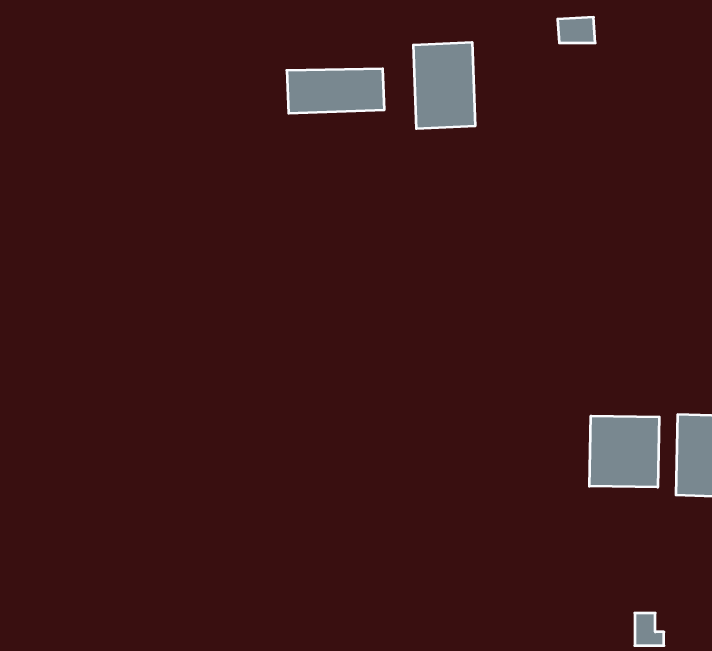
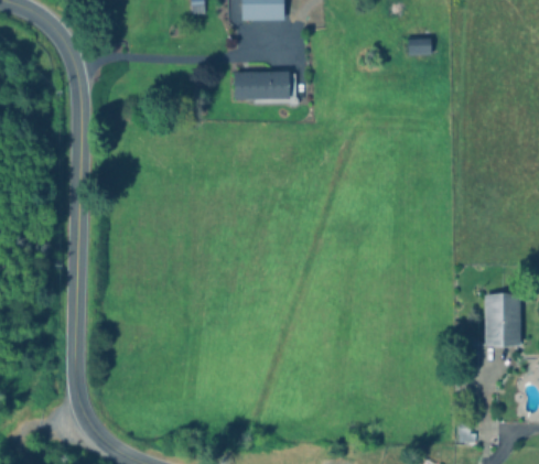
building: [413,42,475,129] -> none
building: [589,416,659,487] -> none

